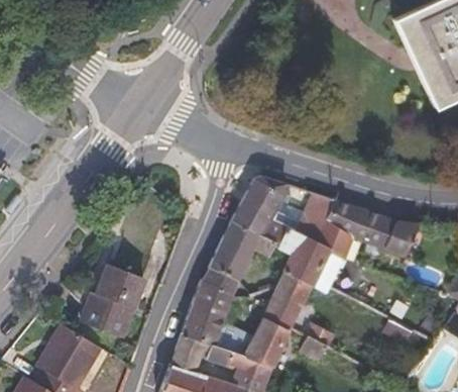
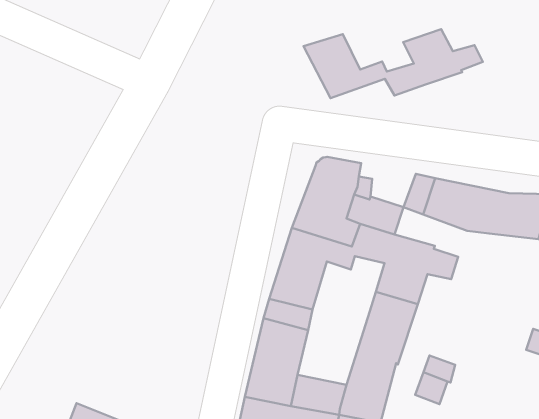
building: none -> [303,29,483,98]
building: [302,219,353,260] -> none
building: [80,265,142,335] -> none

